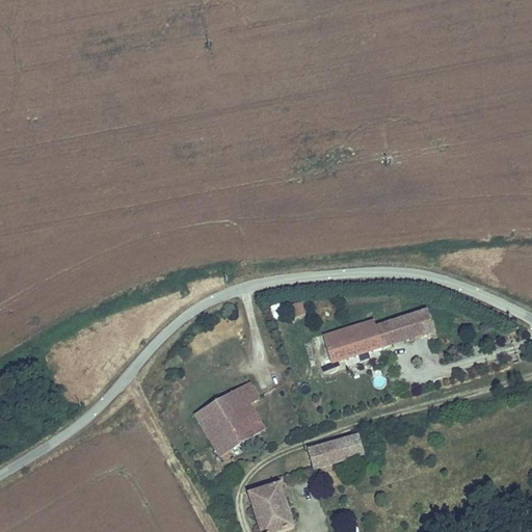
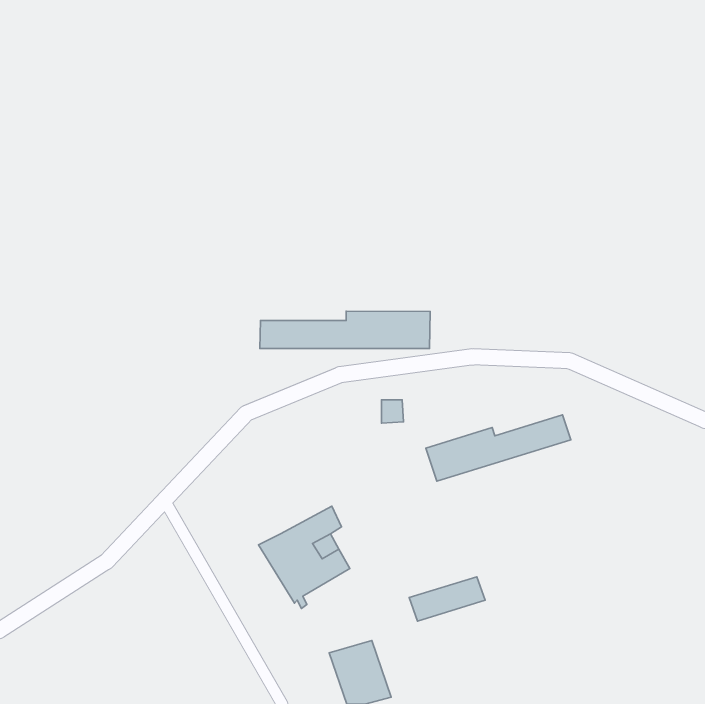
building: none -> [260,311,430,348]

